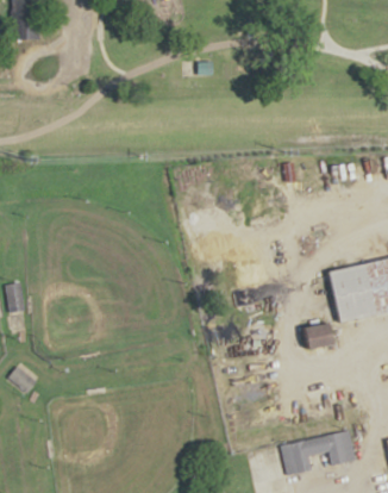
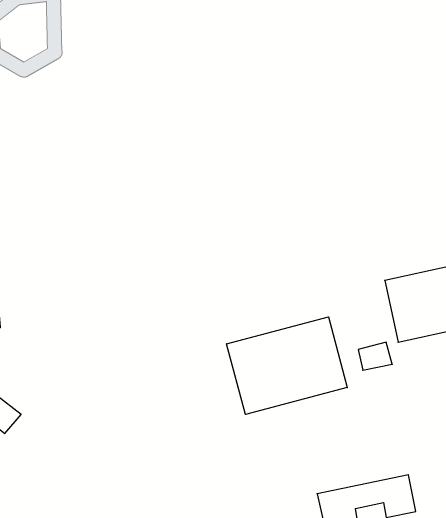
building: none -> [227,317,347,414]

